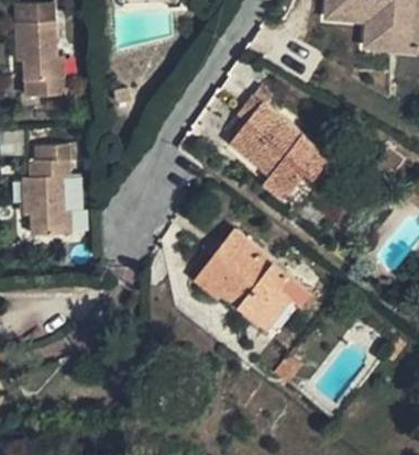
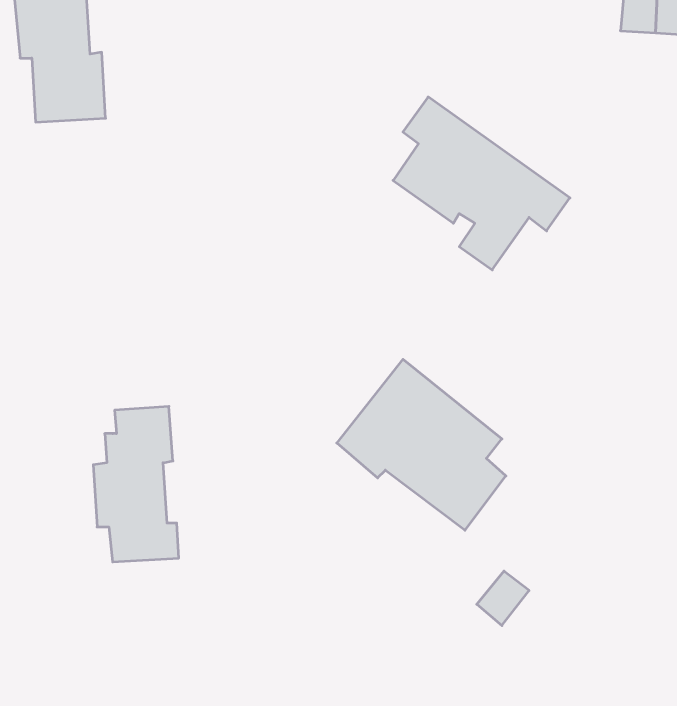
building: [25,148,74,236] -> [93,406,179,562]

